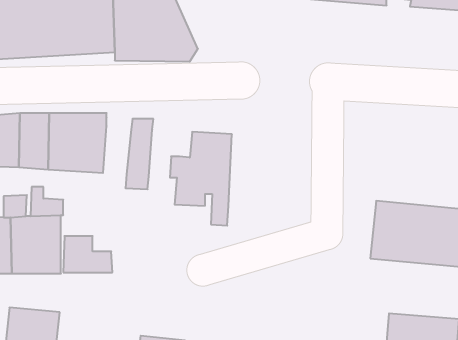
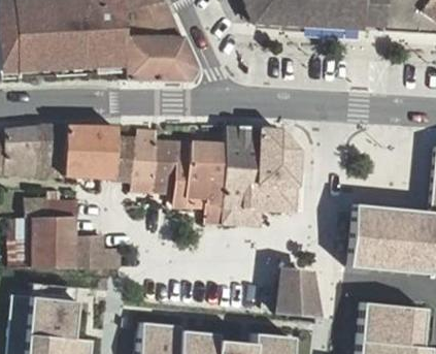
building: none -> [226,126,301,212]
building: none -> [115,137,140,180]
building: none -> [156,140,194,183]
building: none -> [279,272,320,317]

